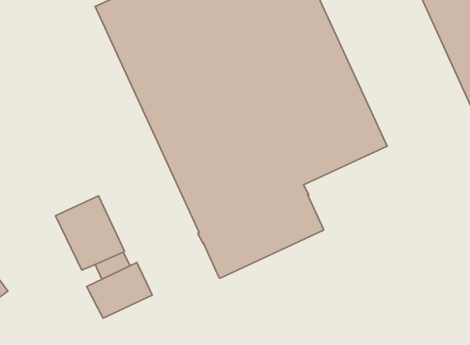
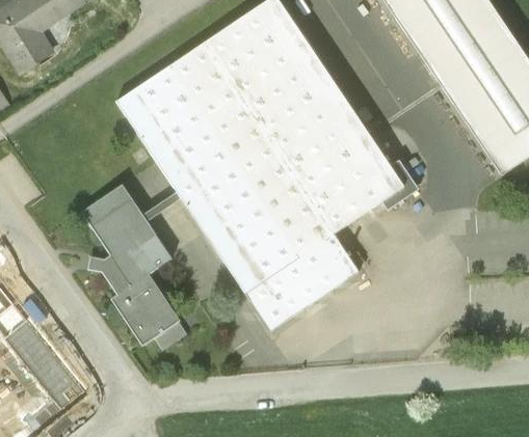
building: none -> [82,184,170,293]
building: [87,263,152,318] -> none

